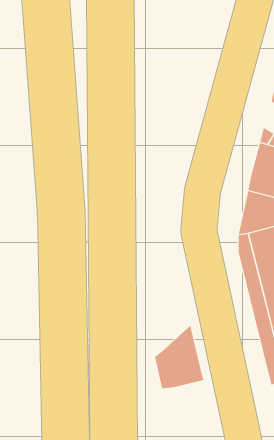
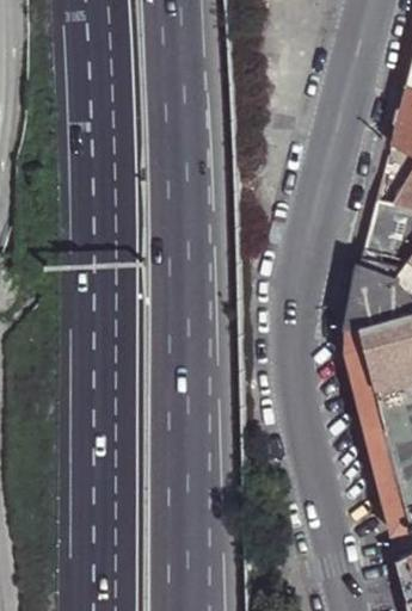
building: [155,325,204,389] -> none

